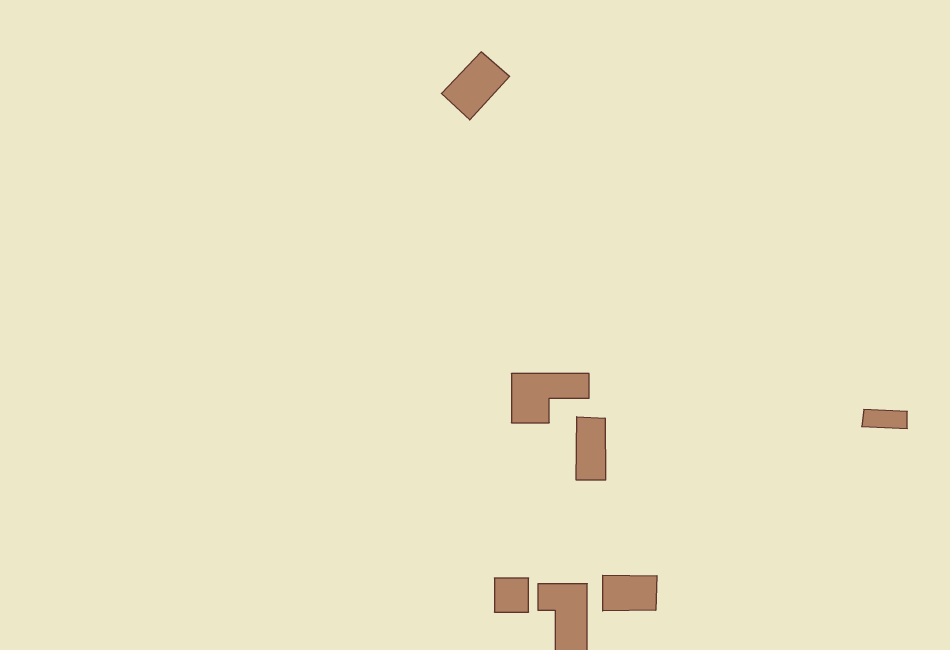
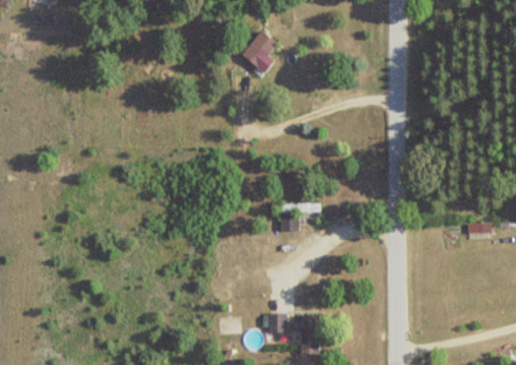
building: [576,417,606,480] -> none
building: [603,575,657,611] -> none

